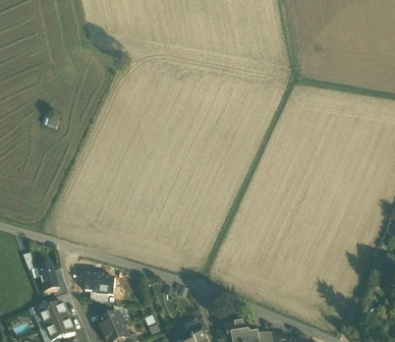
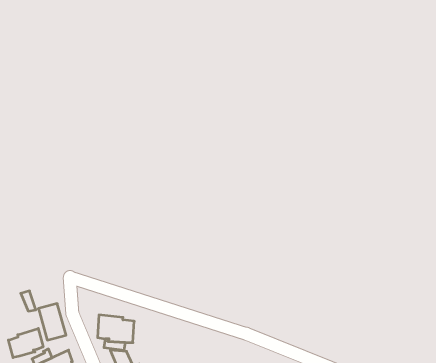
building: none -> [8,328,43,358]

